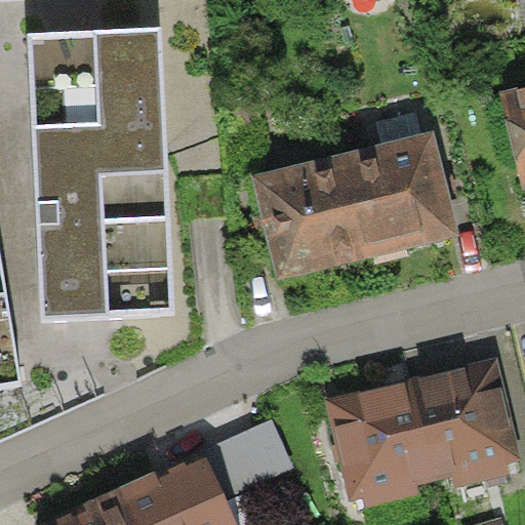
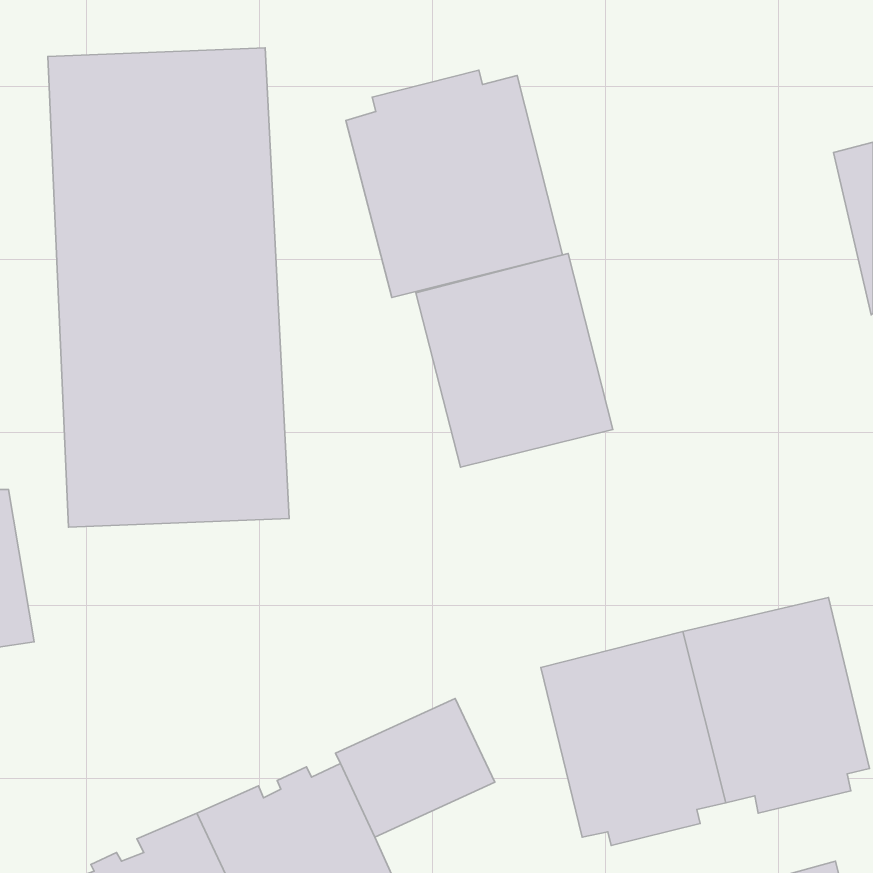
building: none -> [346,70,562,297]
building: [340,130,456,258] -> none

